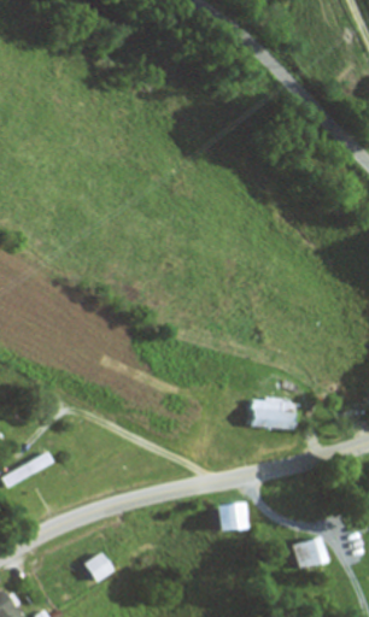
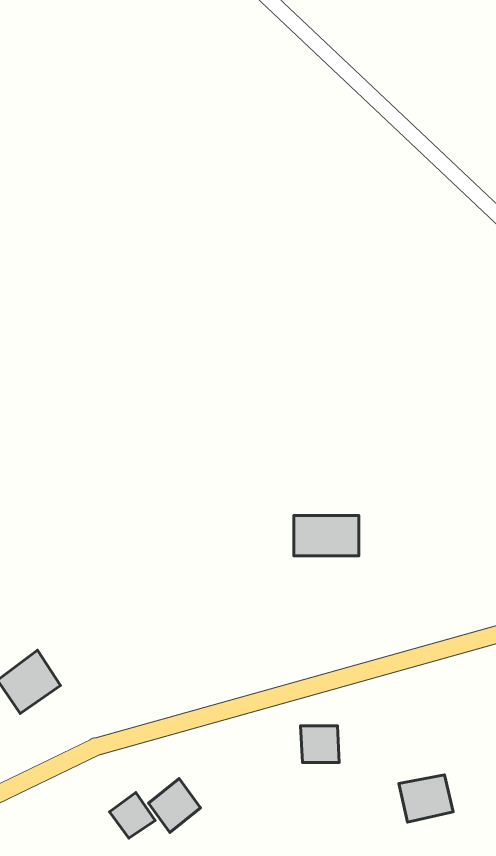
building: [246,399,291,427] -> [294,515,359,556]
building: none -> [149,779,201,832]

